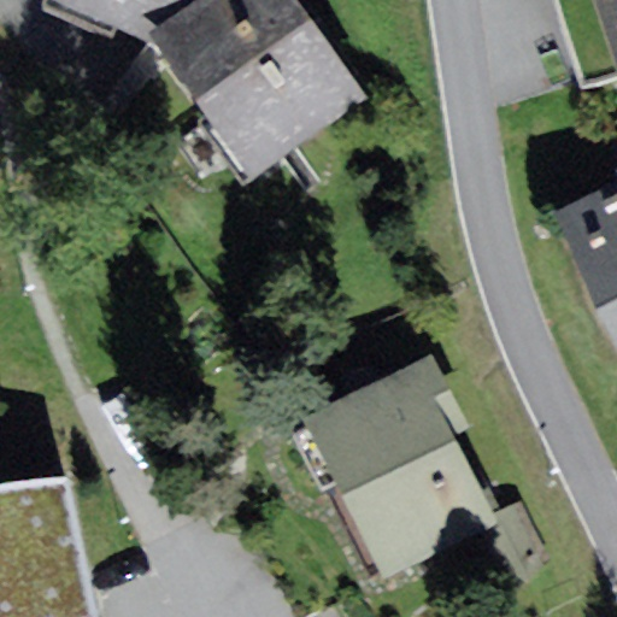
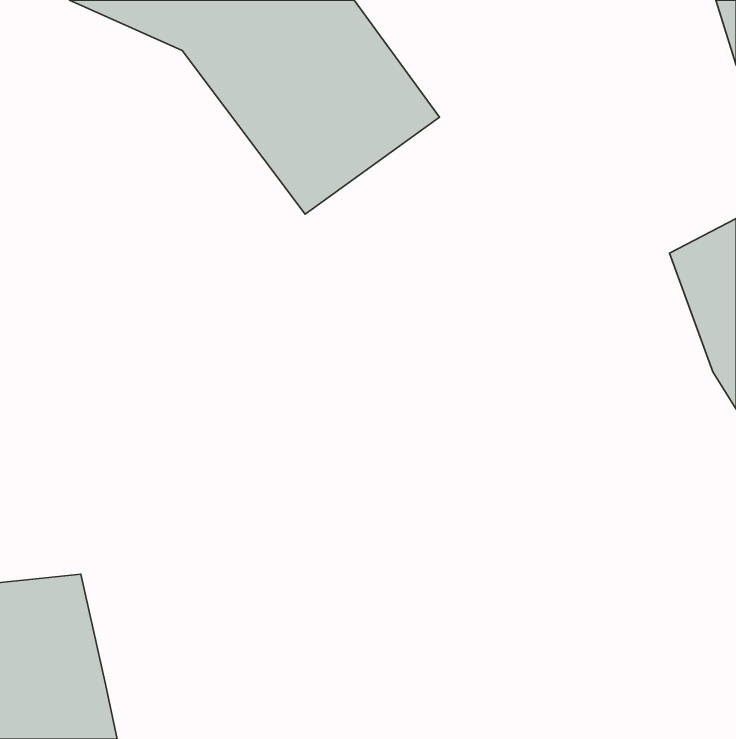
building: [301,353,499,581] -> none

